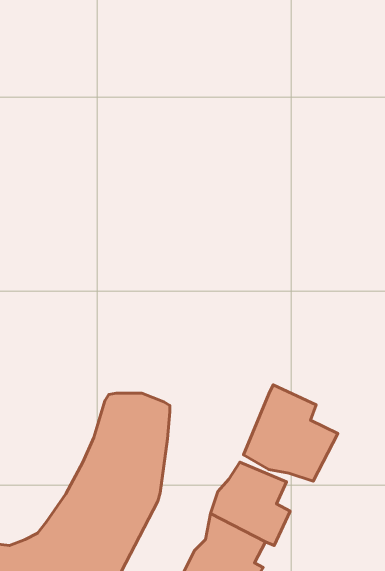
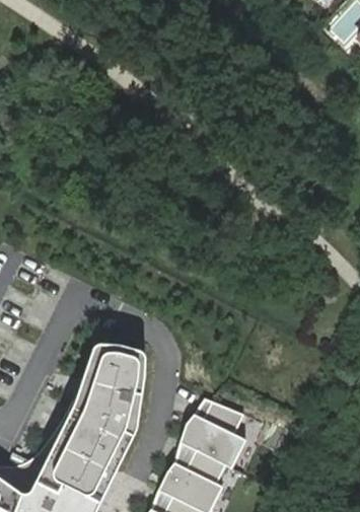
building: [244,385,338,481] -> none

